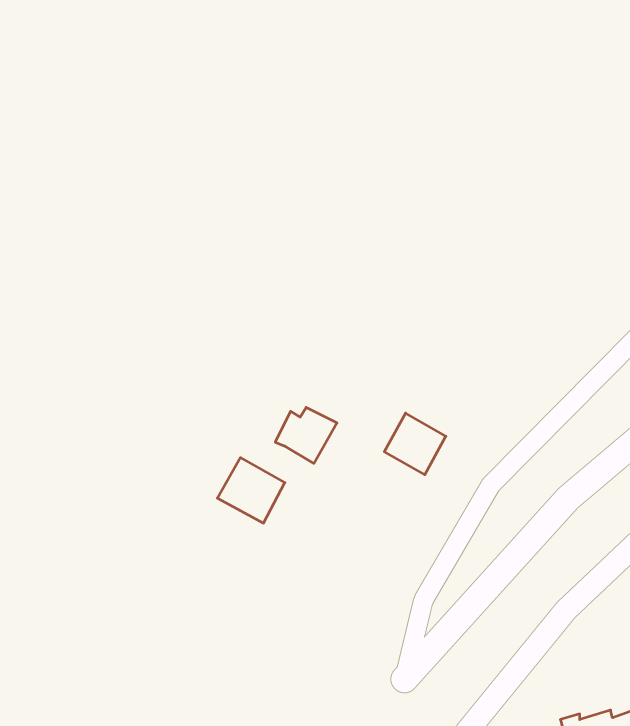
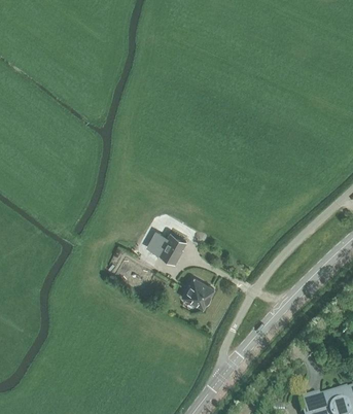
building: [384,413,446,475] -> [180,277,213,310]

